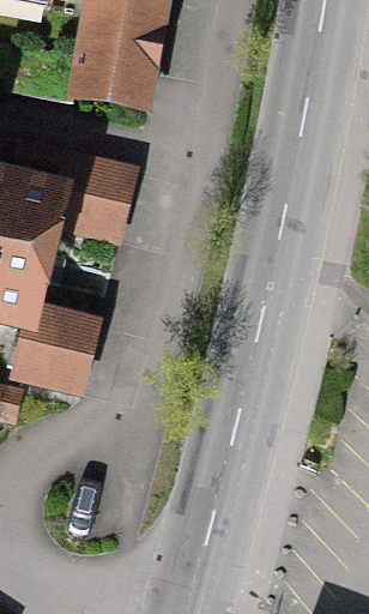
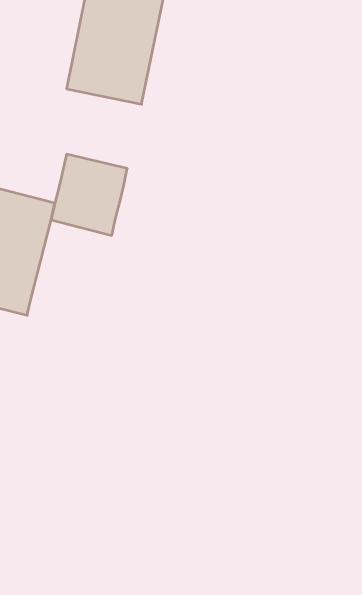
building: [16,308,97,393] -> none

